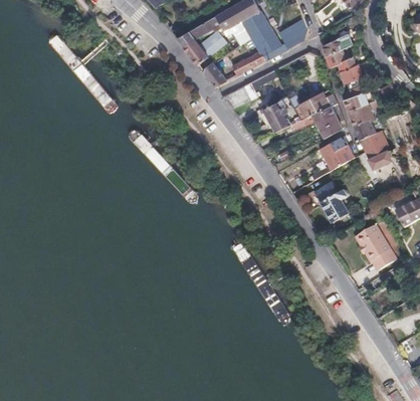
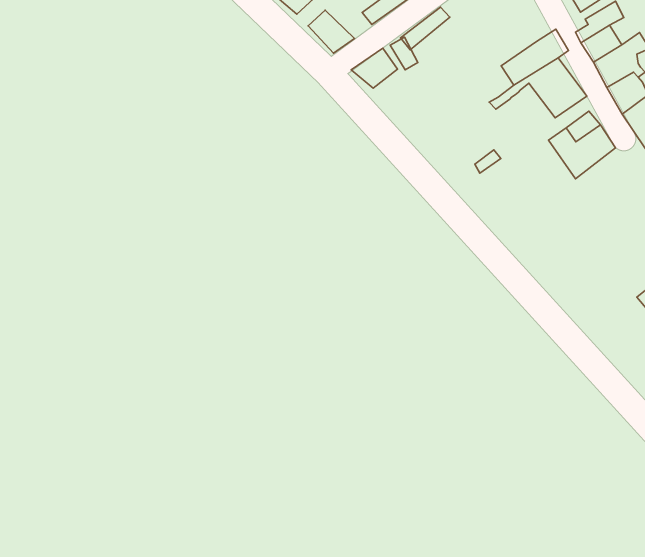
building: [260,102,296,132] -> none
building: [314,184,348,222] -> none

